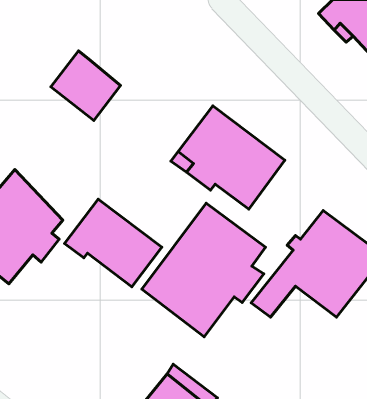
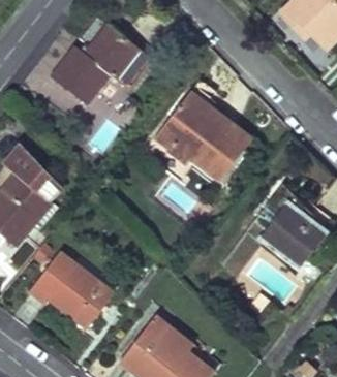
building: none -> [85,23,154,89]
building: [65,199,162,287] -> [30,252,114,327]
building: [142,203,266,337] -> none

